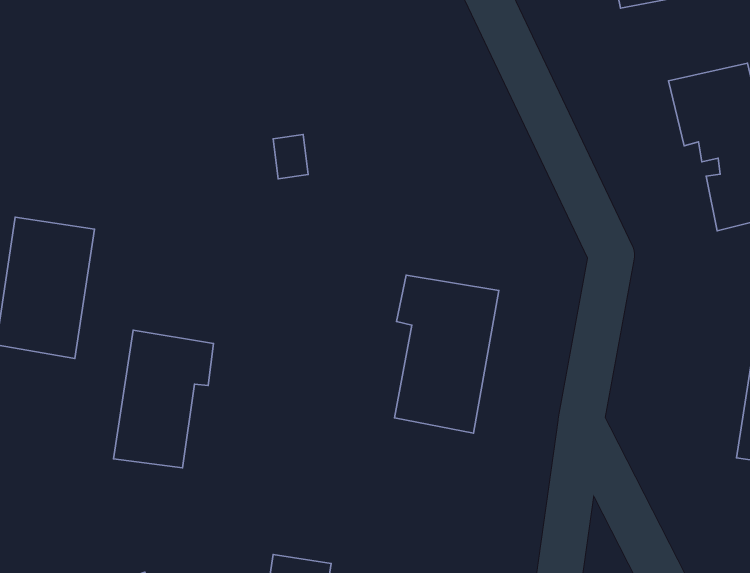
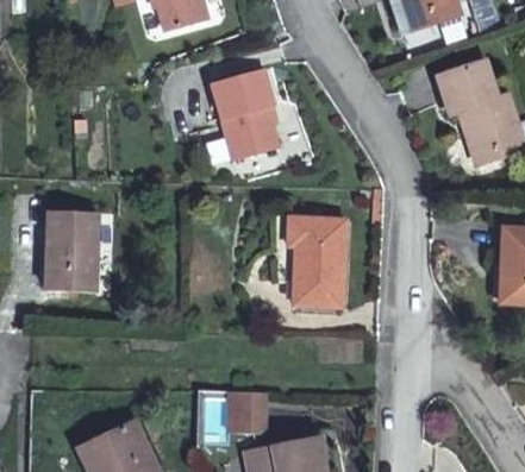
building: none -> [211,68,279,162]
building: [114,330,213,468] -> none

